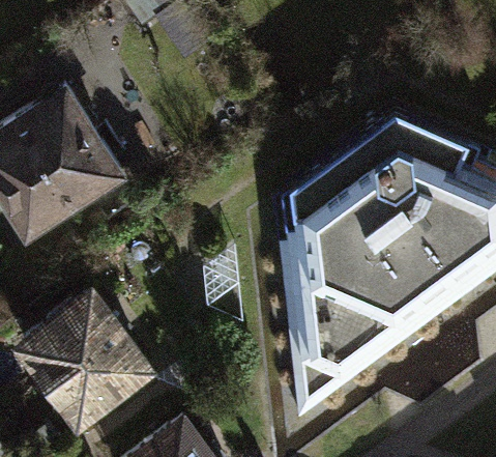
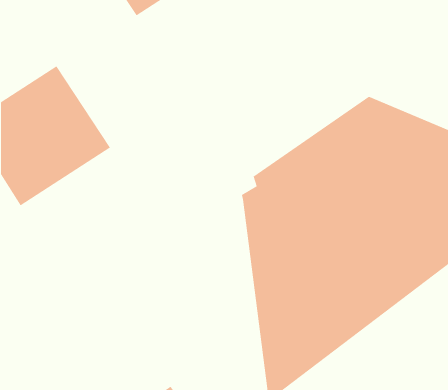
building: [28,301,150,424] -> none

